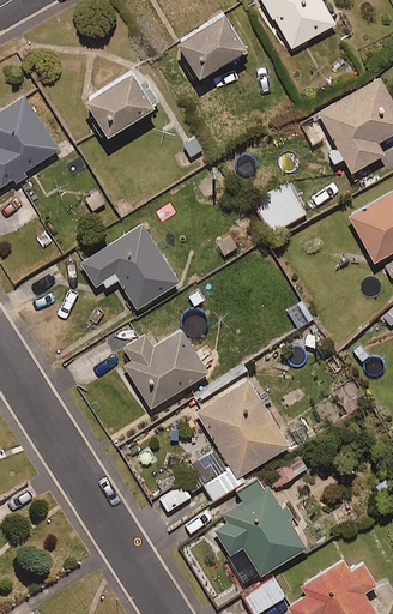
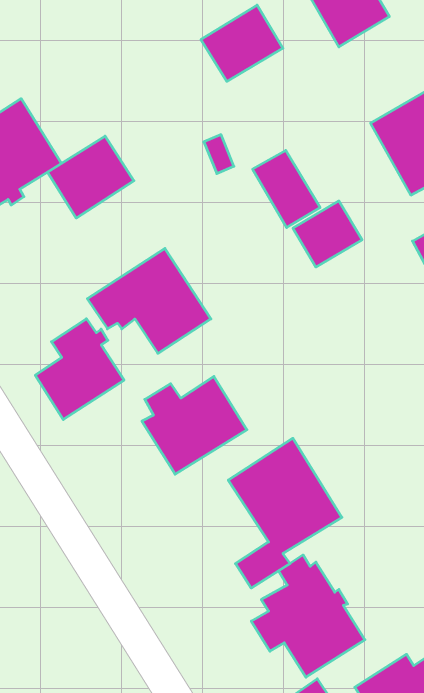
building: [86,66,158,134] -> [48,136,134,218]
building: none -> [253,150,320,228]
building: none -> [35,319,124,420]

